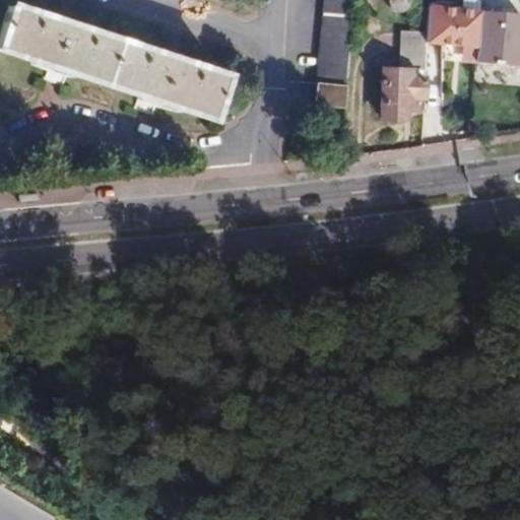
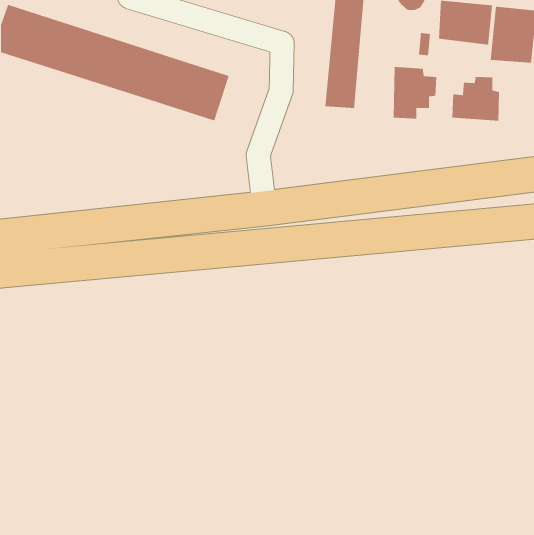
building: none -> [452,76,499,122]

